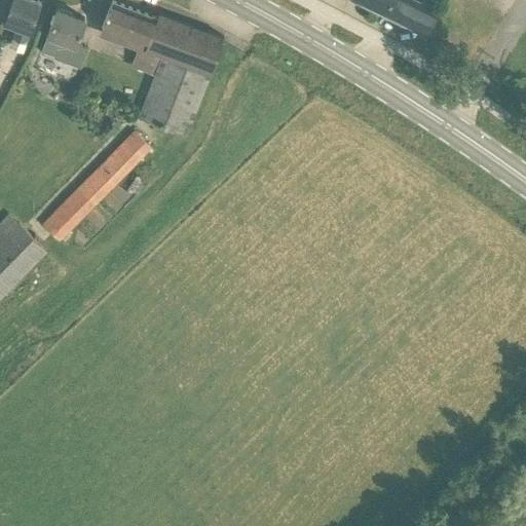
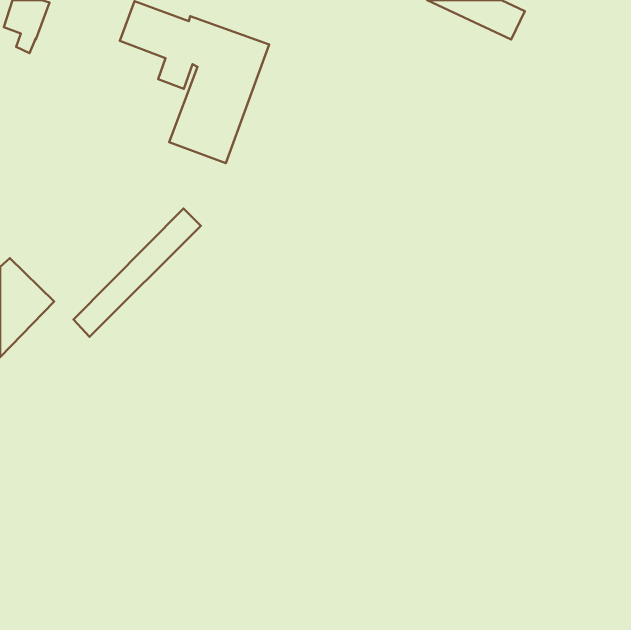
building: [41,9,87,68] -> none
building: [42,132,148,238] -> [74,208,201,337]

